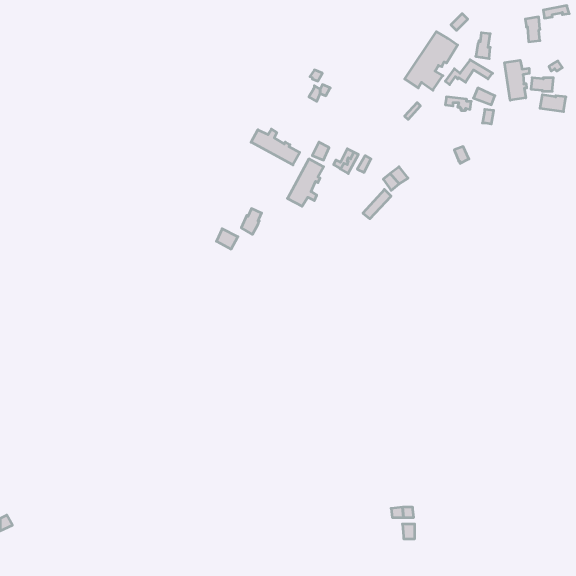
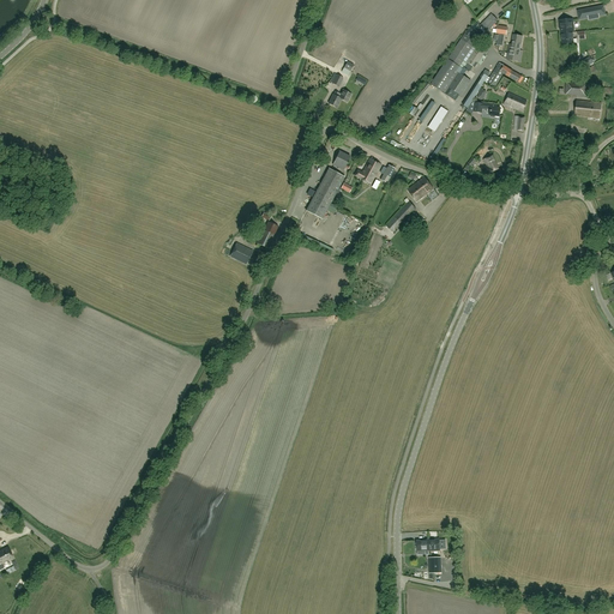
building: [505,60,529,100] -> none
building: [251,129,300,165] -> none

